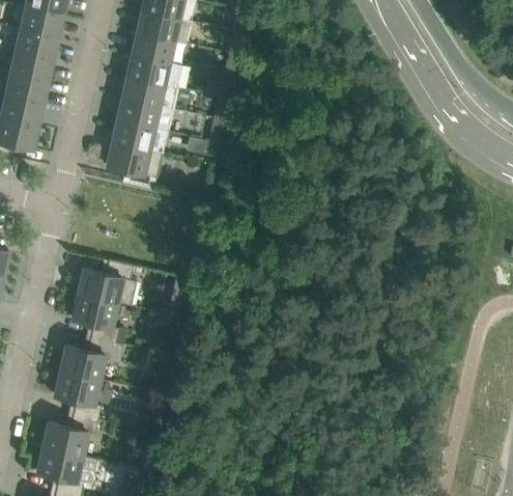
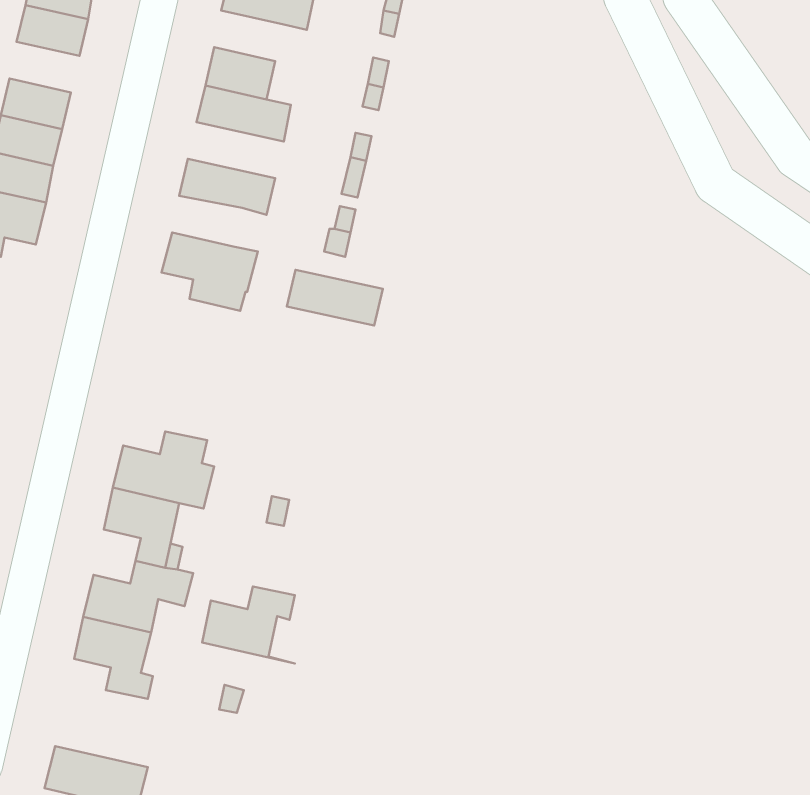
building: [137,9,192,43] -> none
building: [16,28,57,58] -> none
building: [121,76,178,109] -> [287,270,383,326]
building: [112,119,153,149] -> none
building: [42,413,97,459] -> [202,587,295,663]

